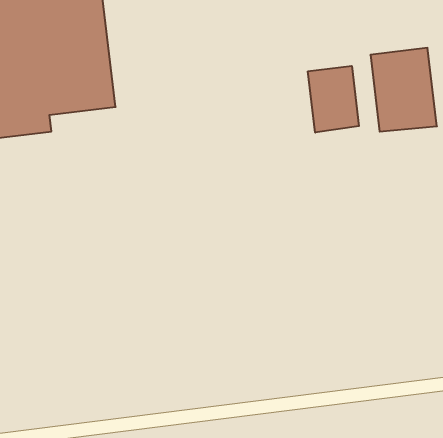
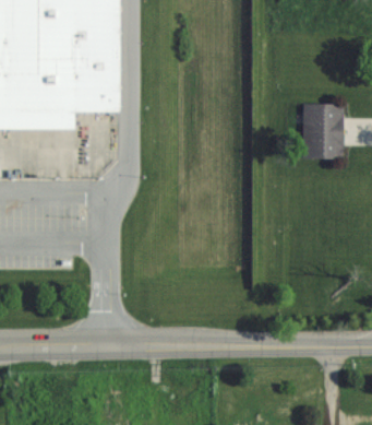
building: [308,66,359,133] -> none

